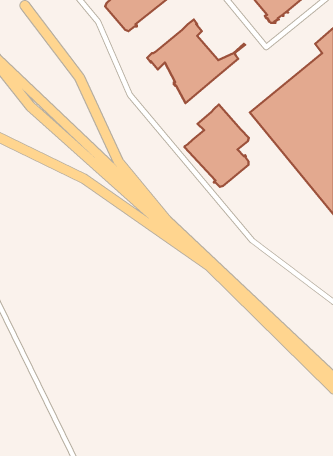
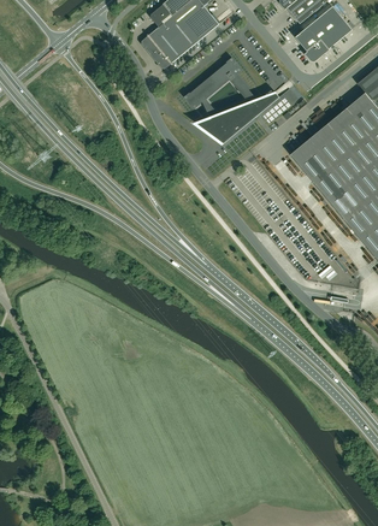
building: [185,105,249,187] -> none

